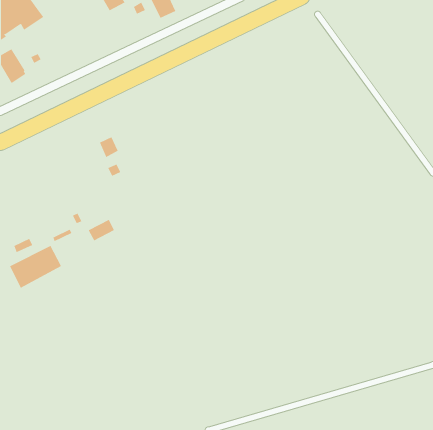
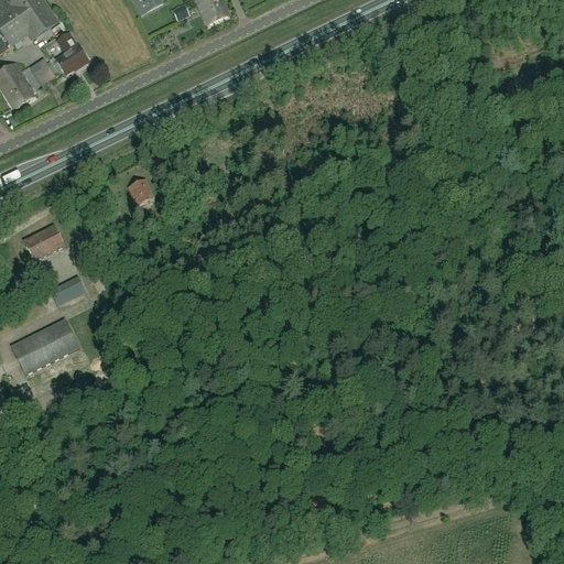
building: none -> [56,33,88,74]
building: none -> [24,225,64,260]
building: [88,219,115,241] -> [51,275,86,304]

